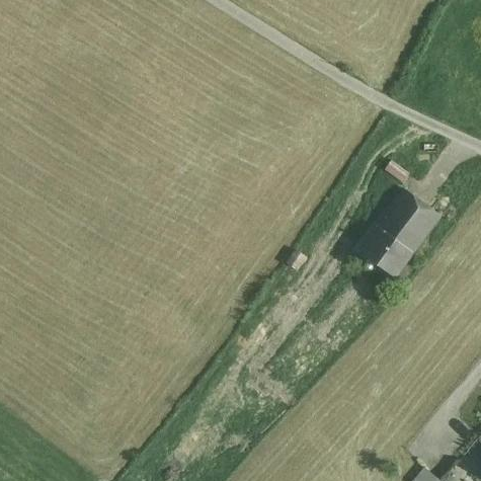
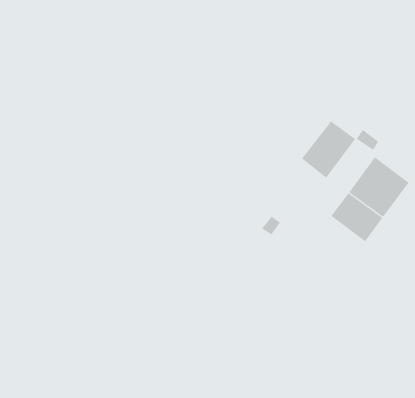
building: none -> [301,120,356,178]

